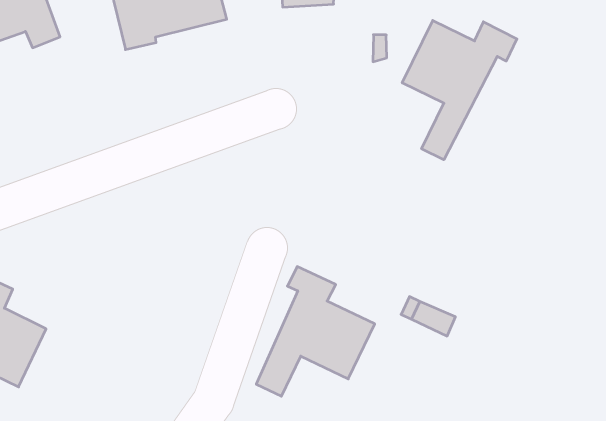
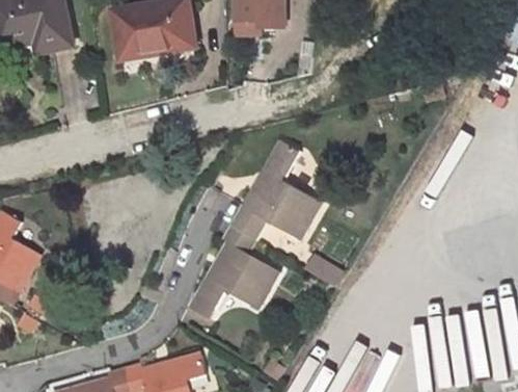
building: [402,20,517,160] -> none
building: none -> [228,140,323,239]

